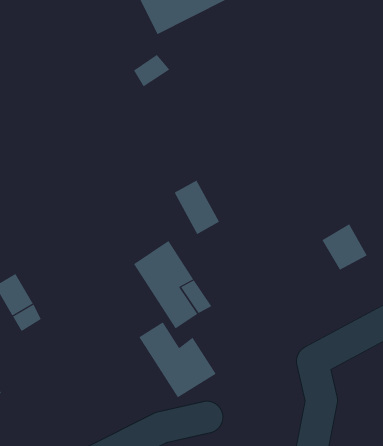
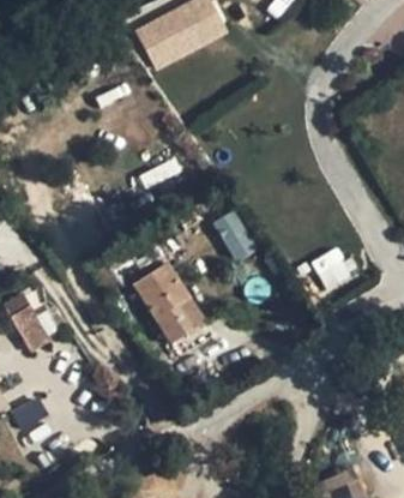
building: [174,180,220,235] -> [215,210,258,262]
building: [138,321,217,398] -> none

